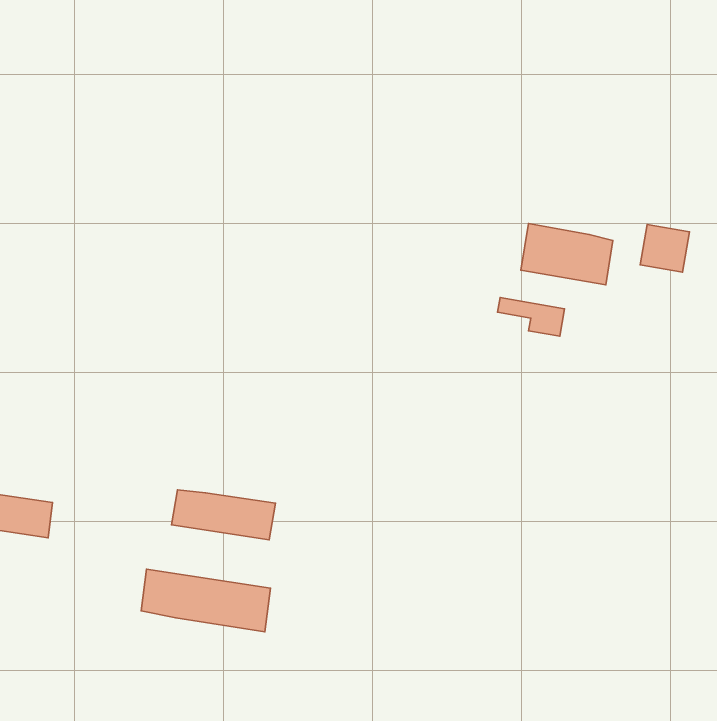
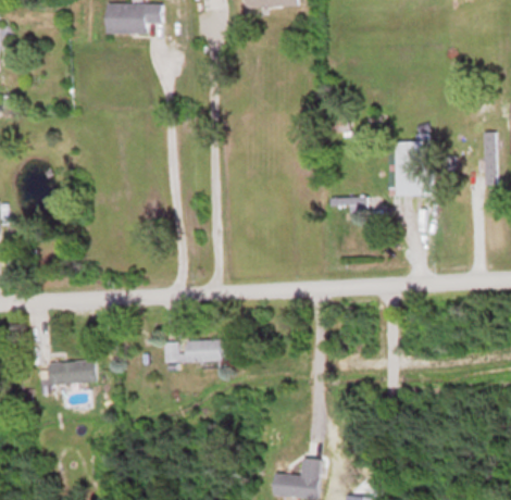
building: [521,223,613,285] -> none
building: [141,569,271,632] -> none

